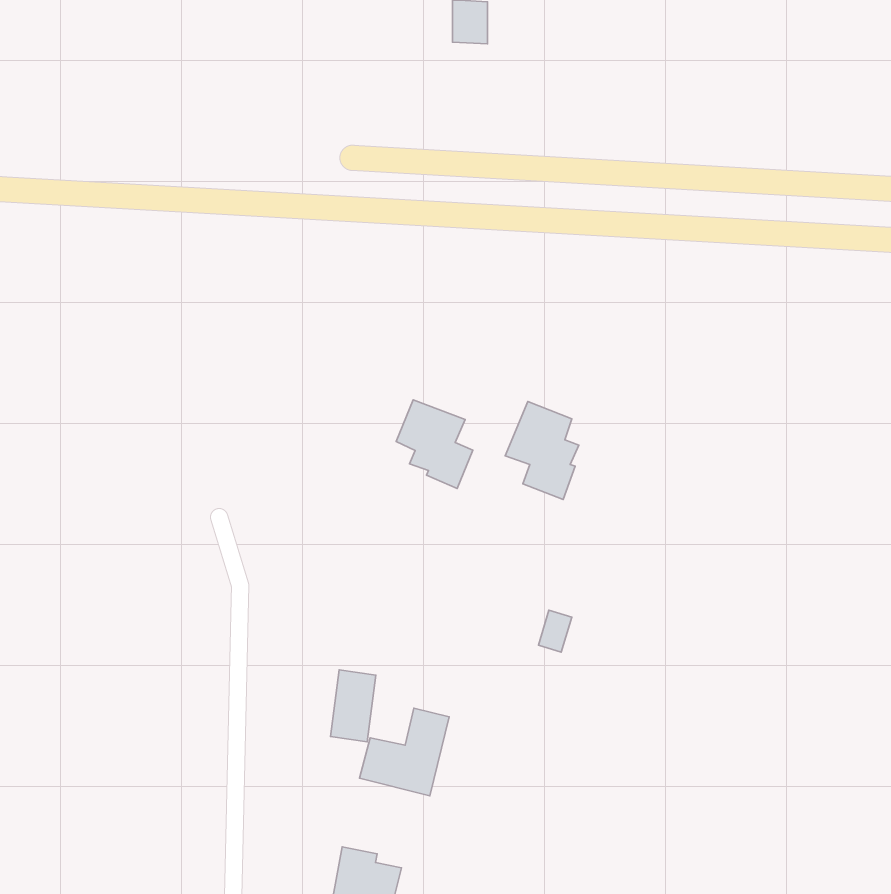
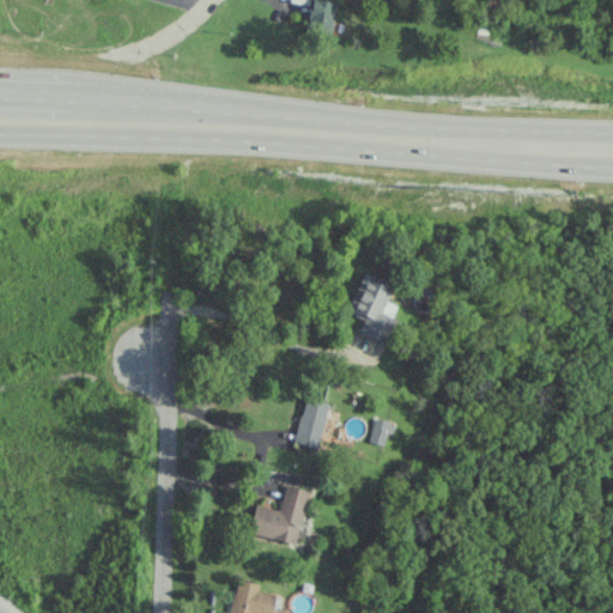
building: [396,400,473,489] -> none
building: [330,670,376,742] -> [297,399,328,448]

